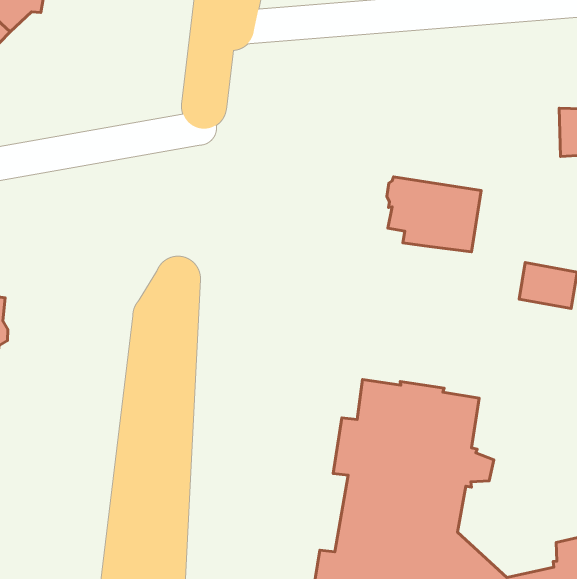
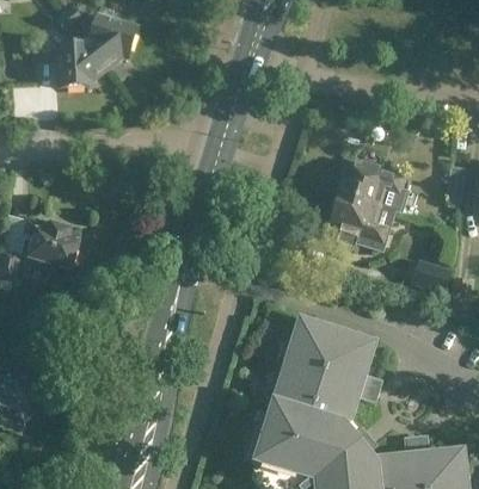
building: none -> [338,162,407,212]

